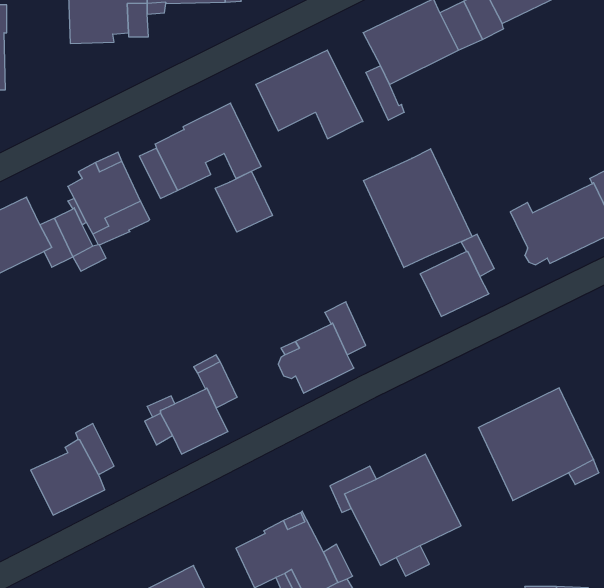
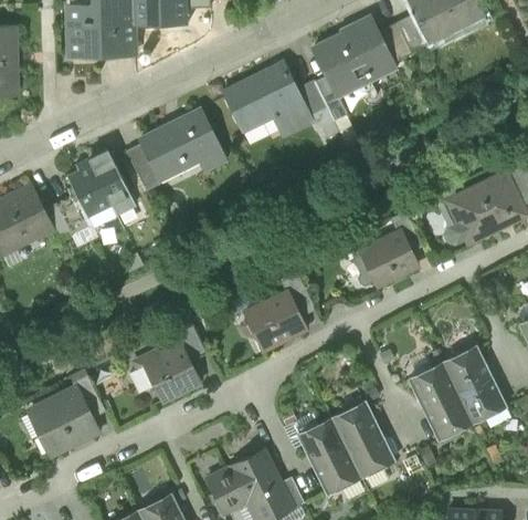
building: none -> [296,80,334,132]
building: [363,149,472,268] -> none
building: [215,172,272,232] -> none

